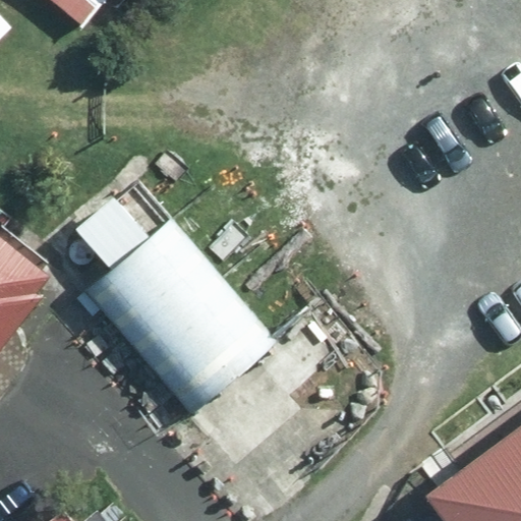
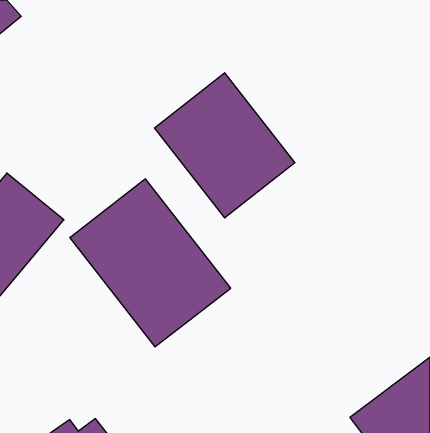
building: none -> [155,73,295,218]

